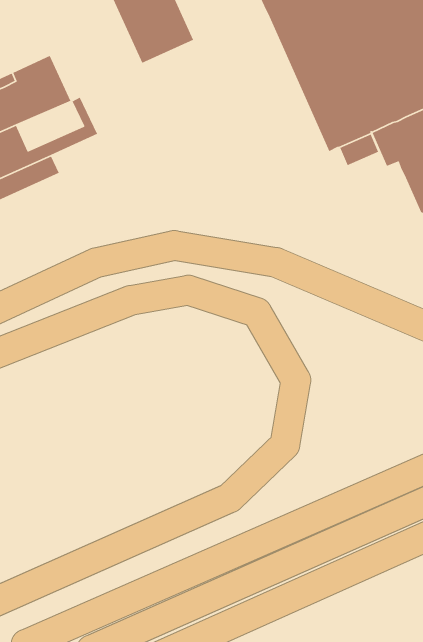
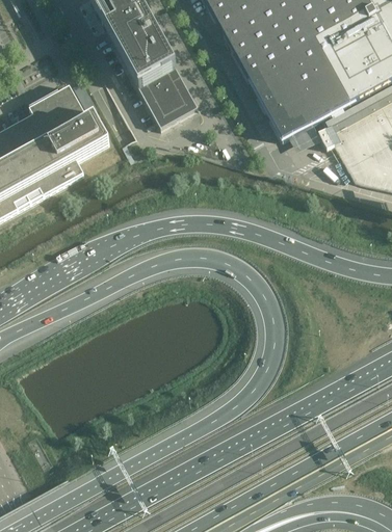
building: none -> [137,63,198,126]
building: none -> [48,116,98,156]

